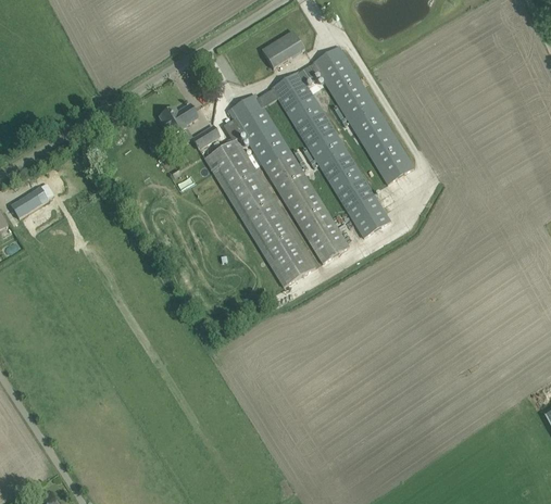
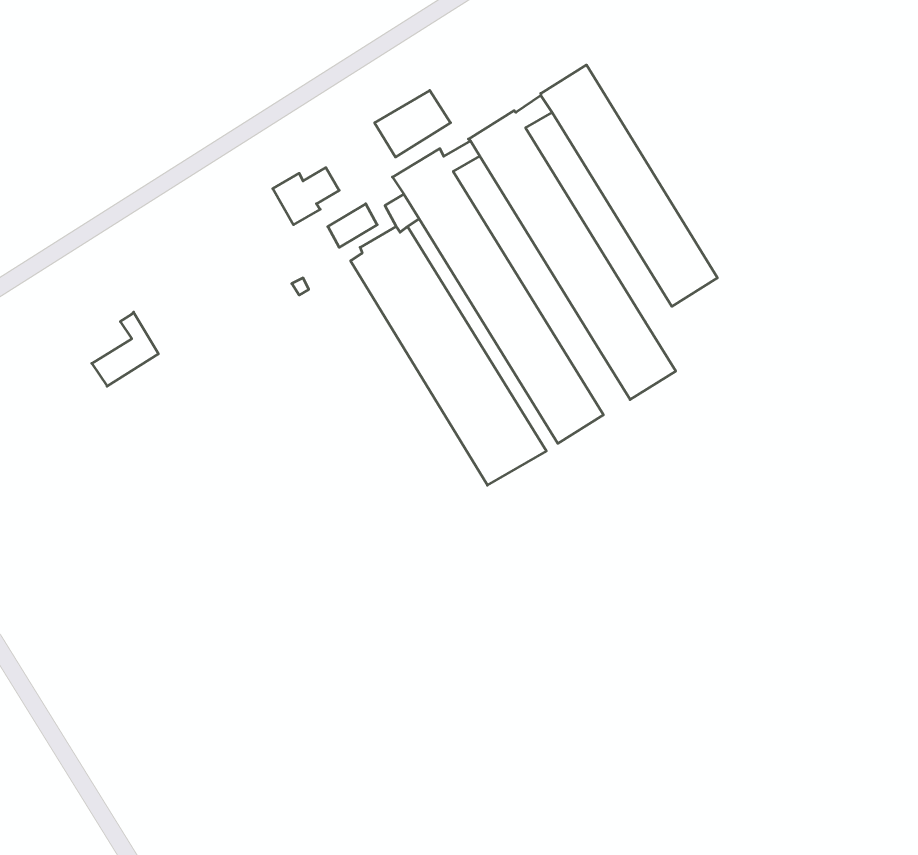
building: [262,30,305,68] -> [375,90,451,157]
building: [11,176,49,218] -> [92,312,158,386]

